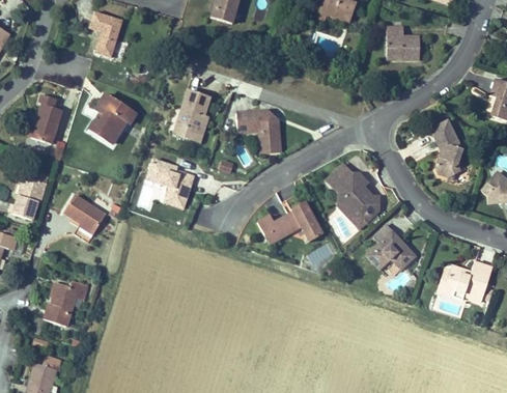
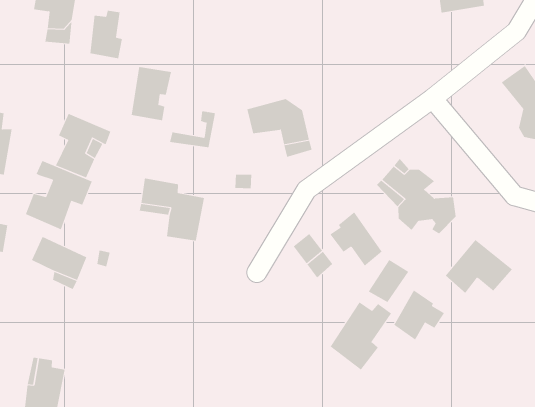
building: none -> [90,10,123,59]
building: [179,89,214,132] -> [131,66,172,121]
building: none -> [25,160,93,230]
building: none -> [394,290,445,340]
building: none -> [330,301,392,370]

